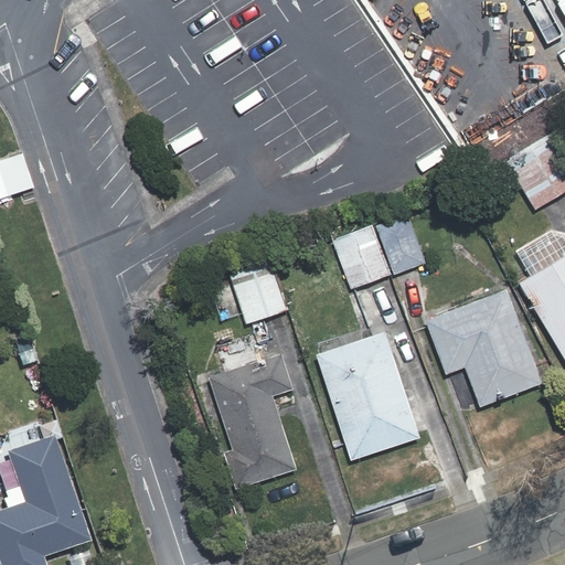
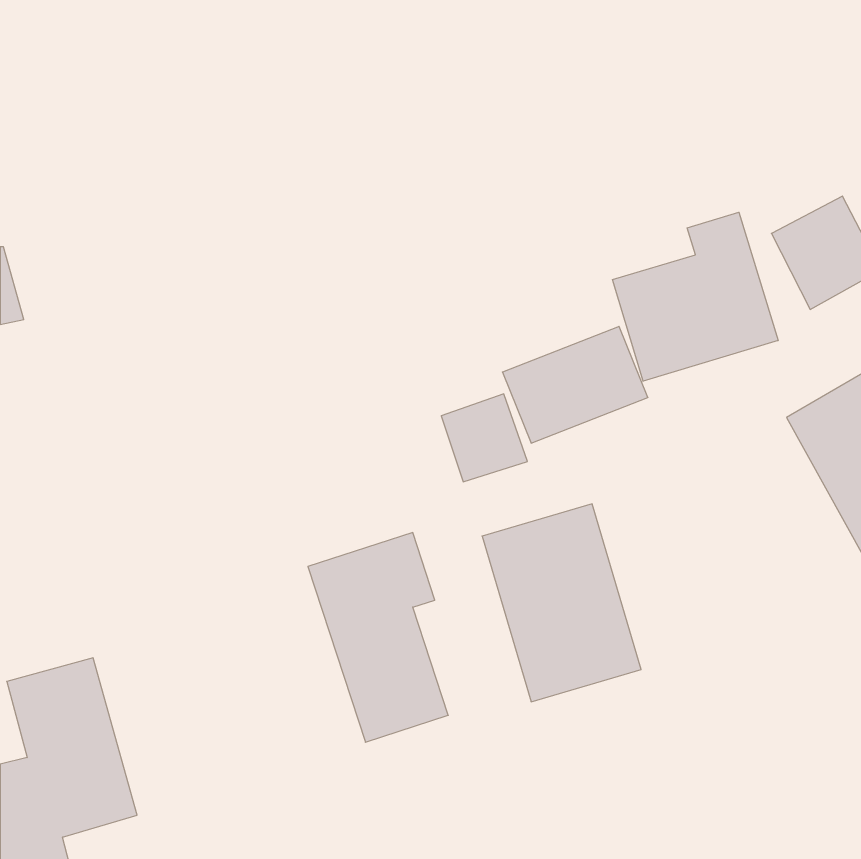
building: none -> [612,212,778,381]
building: [231,266,287,323] -> [441,394,527,482]
building: [425,288,540,404] -> none

